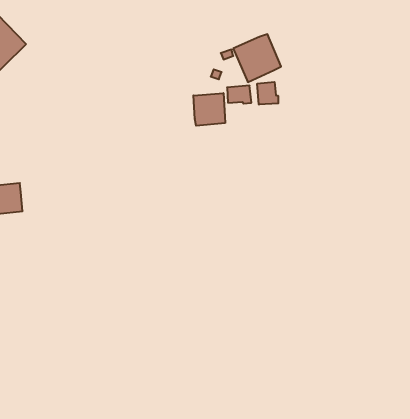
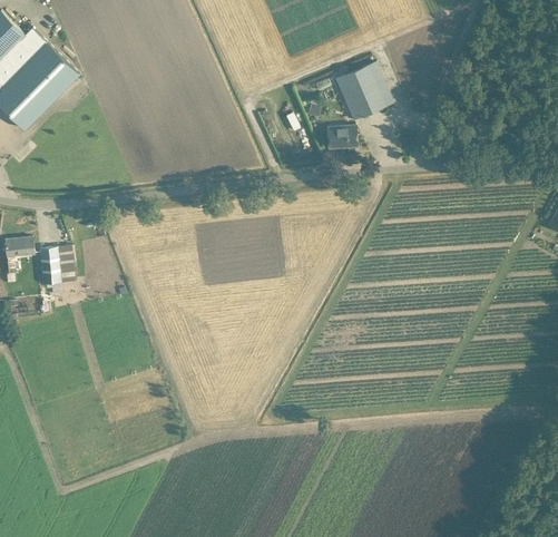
building: [257,82,278,105] -> none
building: [193,93,225,126] -> none

